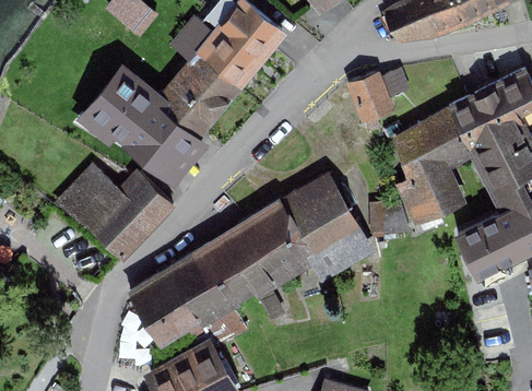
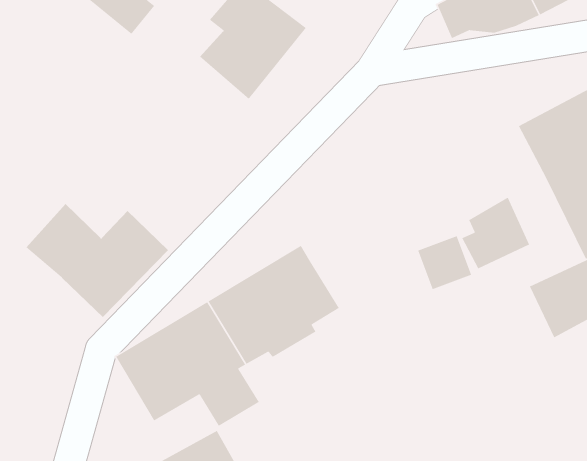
building: [92,19,237,174] -> none
building: [348,73,391,131] -> none
building: [397,108,472,182] -> none
building: [286,186,359,268] -> none

